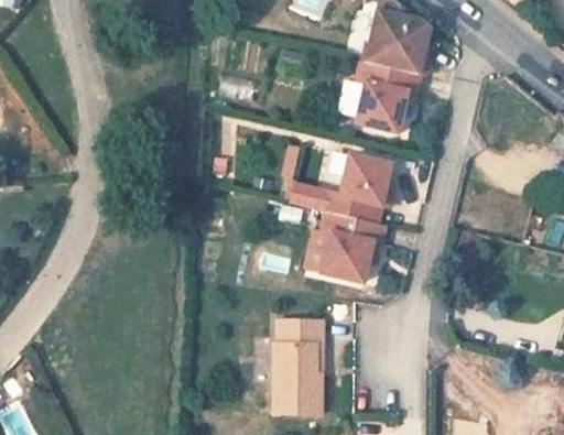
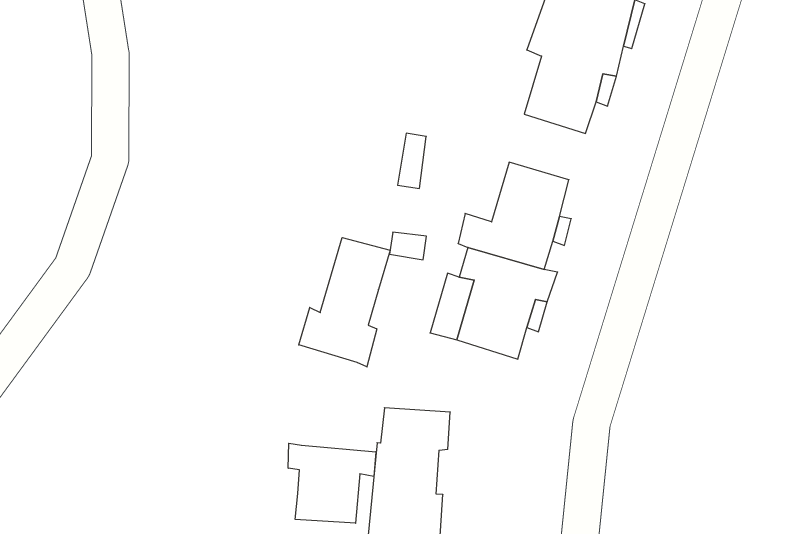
building: none -> [299,238,390,367]
building: none -> [288,443,376,523]

